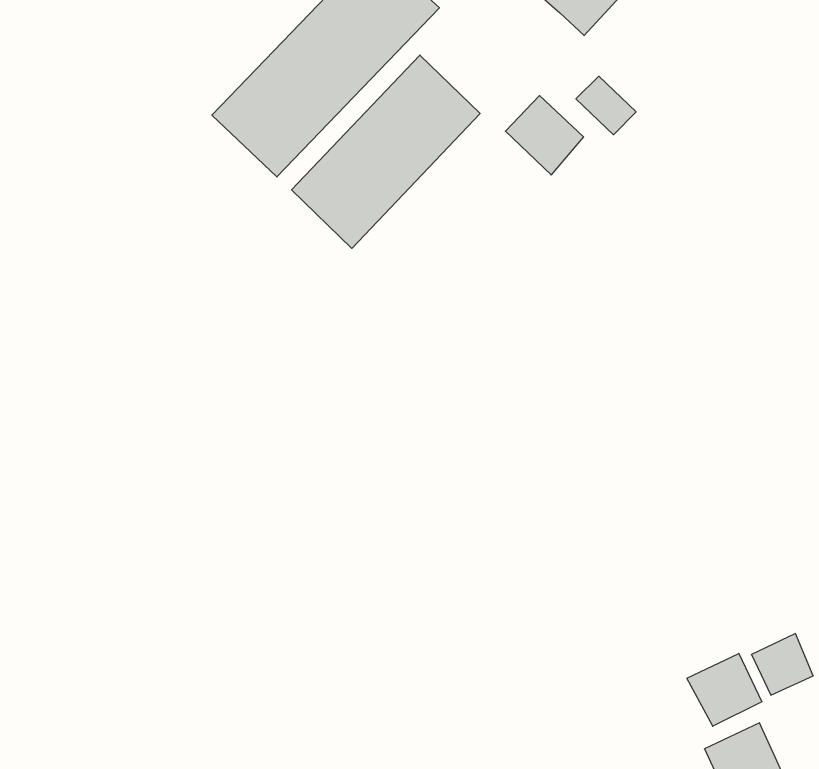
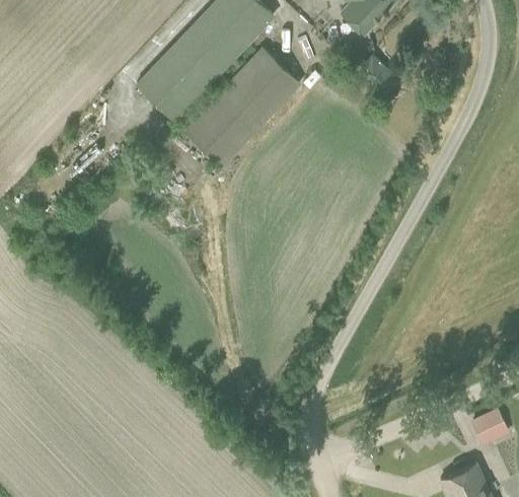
building: [505,96,584,175] -> none
building: [687,653,762,726] -> none

